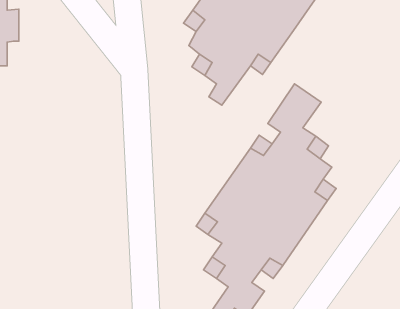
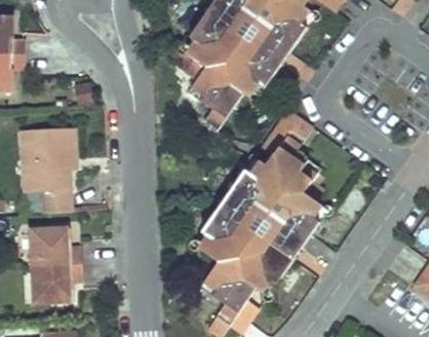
building: none -> [20,128,75,213]
building: none -> [32,229,84,305]

